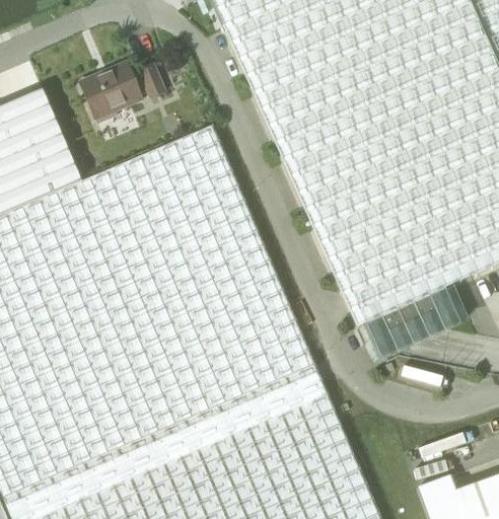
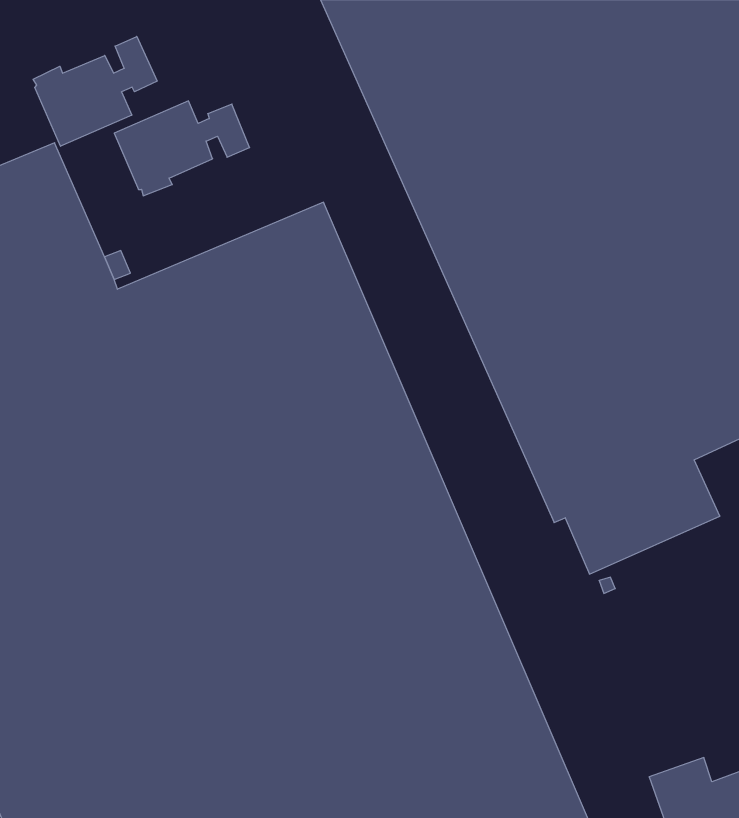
building: none -> [33,36,157,146]

